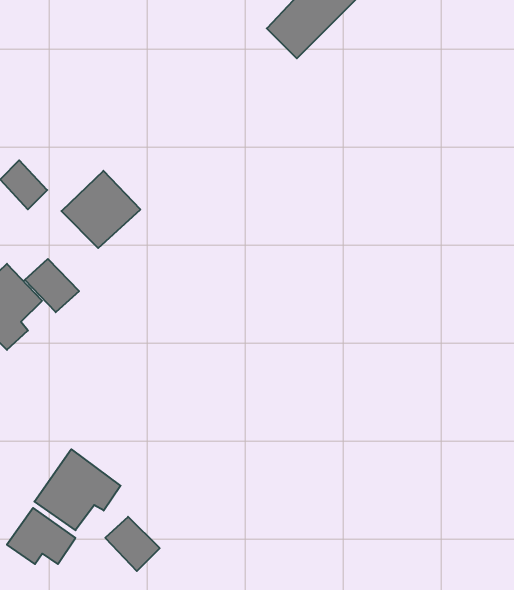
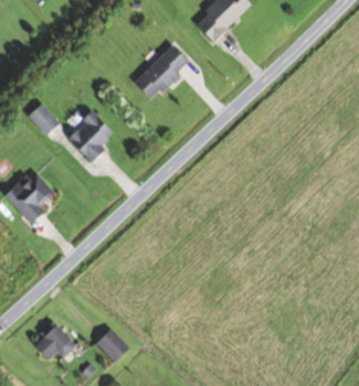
building: none -> [134,44,191,101]
building: [25,259,79,312] -> none
building: [34,449,121,530] -> none

